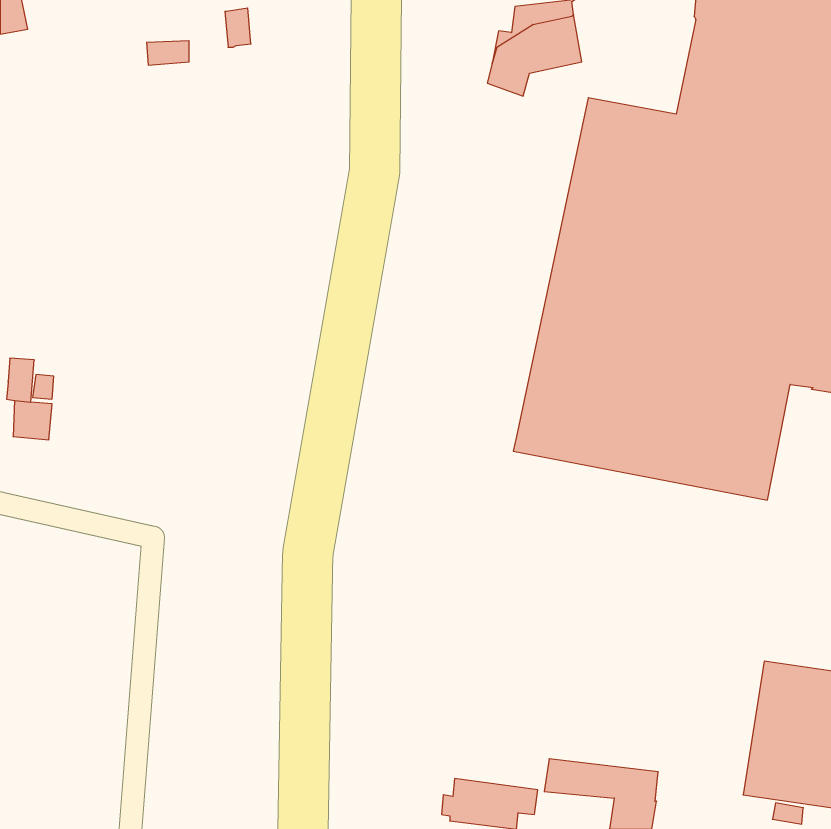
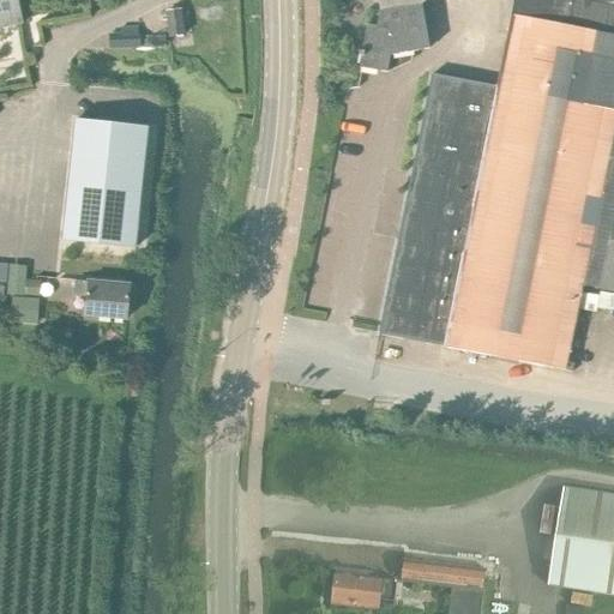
building: none -> [62,119,149,246]
building: none -> [73,278,131,317]

